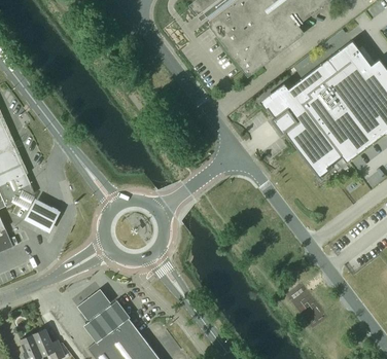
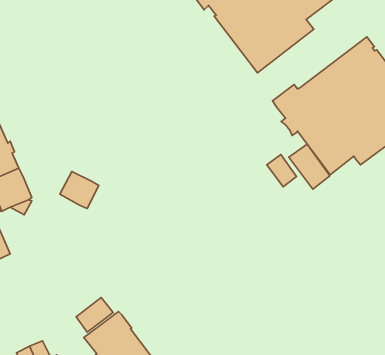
building: none -> [289,144,330,189]
building: none -> [267,155,297,187]
building: [24,199,61,234] -> [60,171,99,208]

